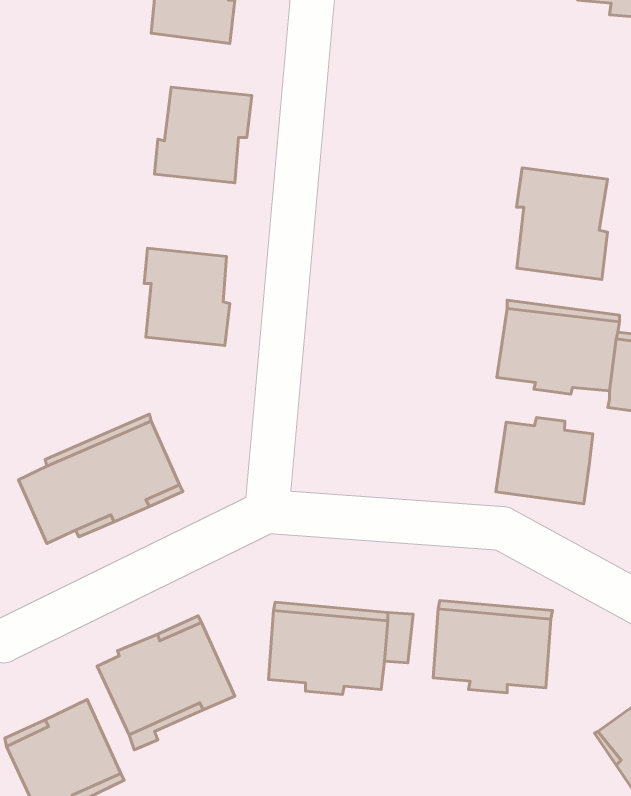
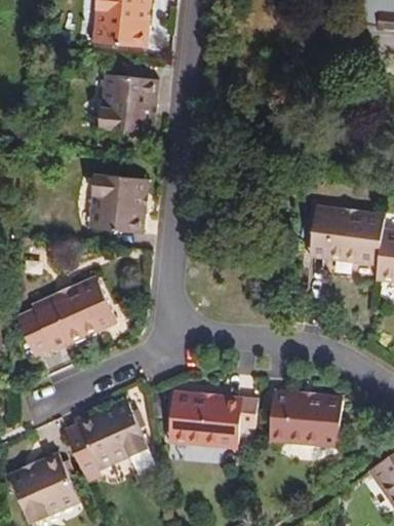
building: [516,168,608,280] -> none
building: [496,418,593,504] -> none

